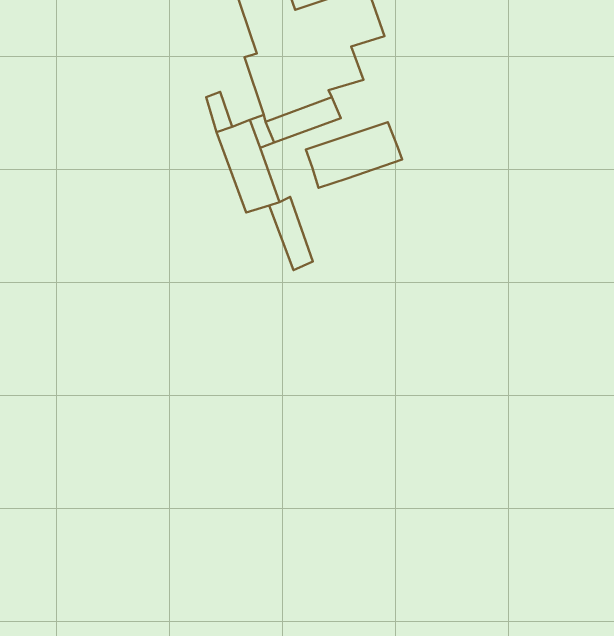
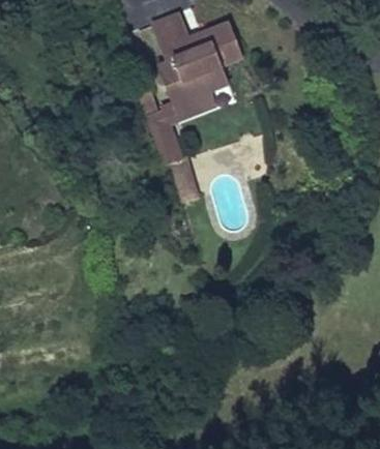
building: [306,122,402,188] -> none

